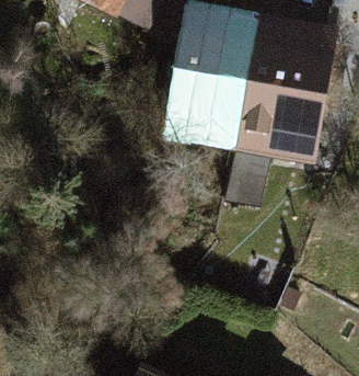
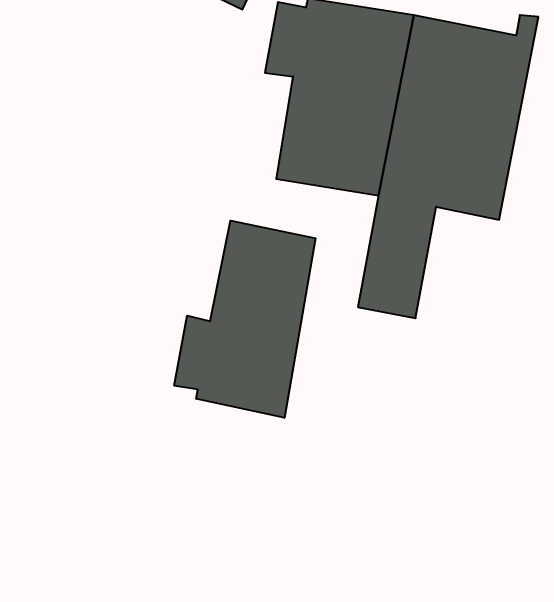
building: none -> [174,221,316,418]

